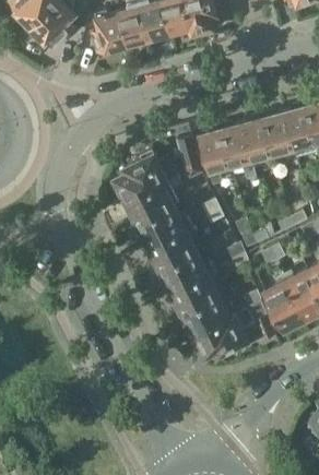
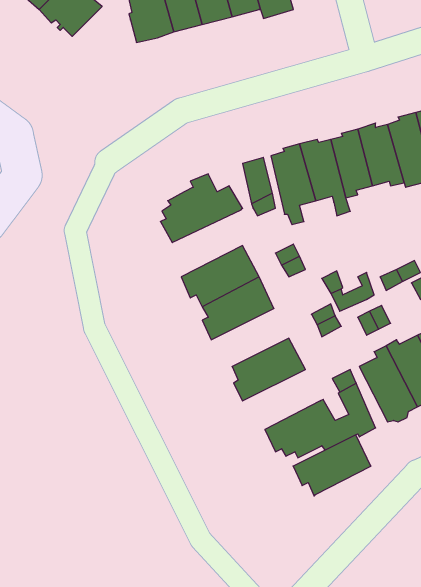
building: [126,174,182,223] -> none
building: [155,246,212,288] -> none
building: [178,290,235,335] -> [293,435,371,496]

